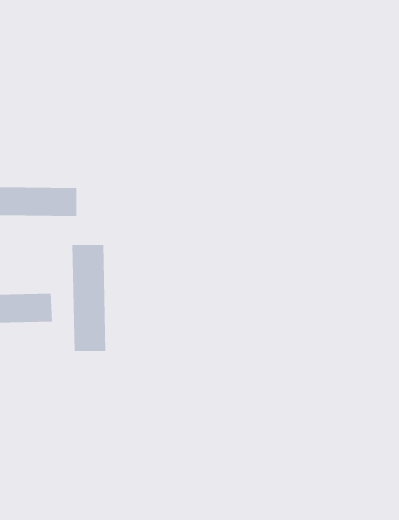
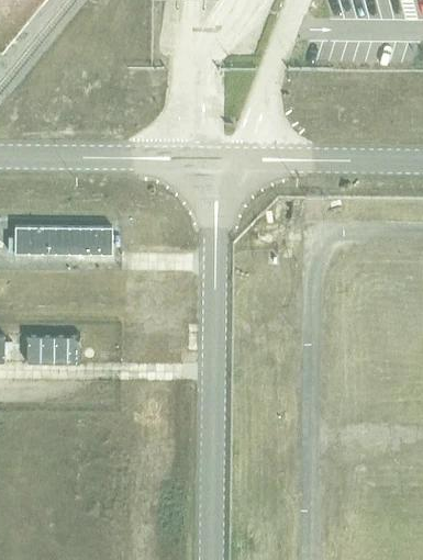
building: [72,244,106,352] -> none

